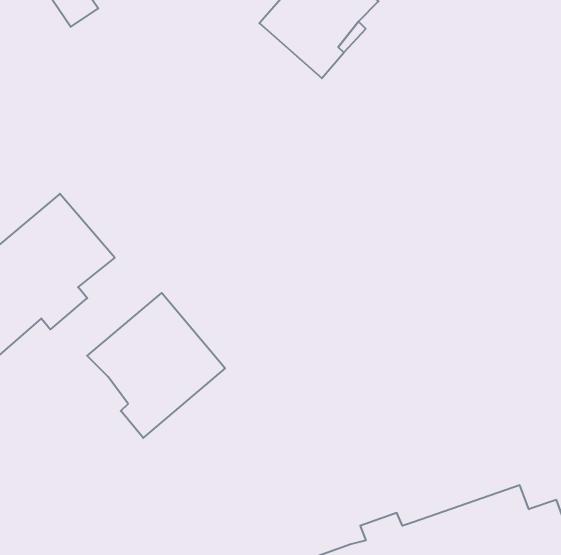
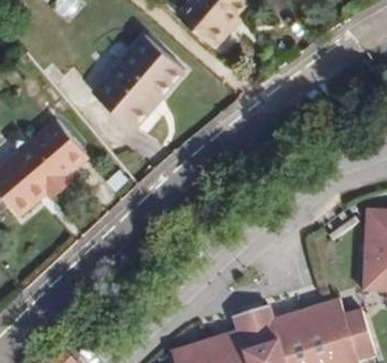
building: none -> [92,34,186,130]
building: [87,293,225,438] -> none

